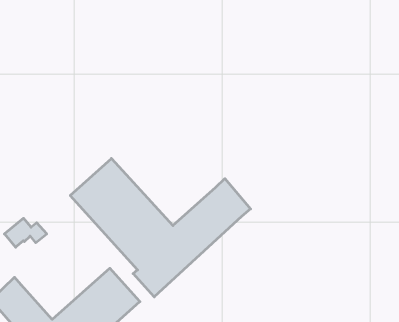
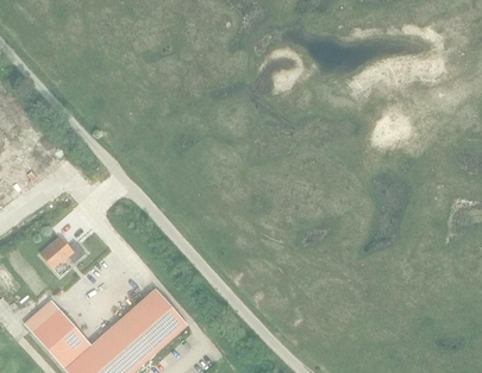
building: [70,158,251,297] -> none

